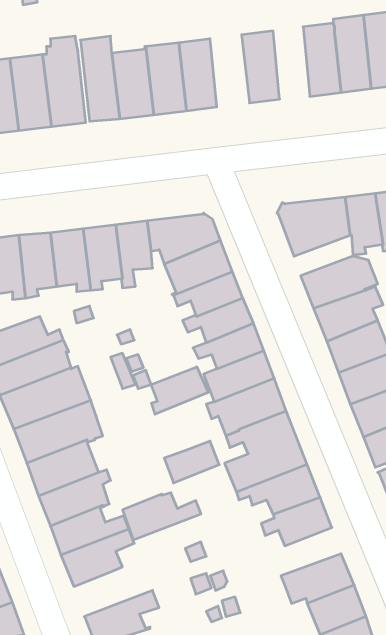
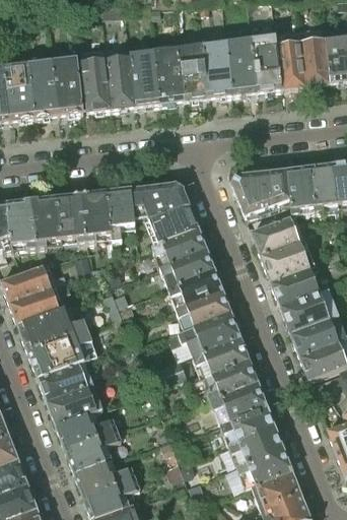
building: none -> [228,38,257,93]
building: none -> [180,44,210,100]
building: [151,367,208,414] -> none
building: [123,493,201,540] -> [74,458,135,495]
building: none -> [227,426,281,463]

